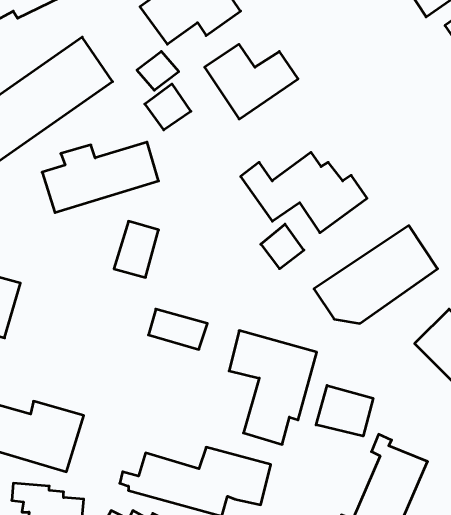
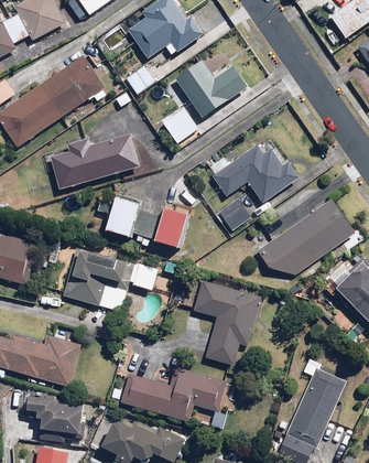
building: [145,84,191,130] -> [162,108,197,143]
building: none -> [152,206,189,250]
building: none -> [61,247,129,312]
building: [316,385,373,436] -> none

